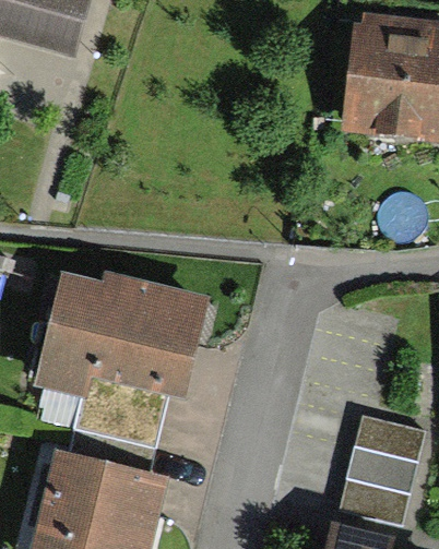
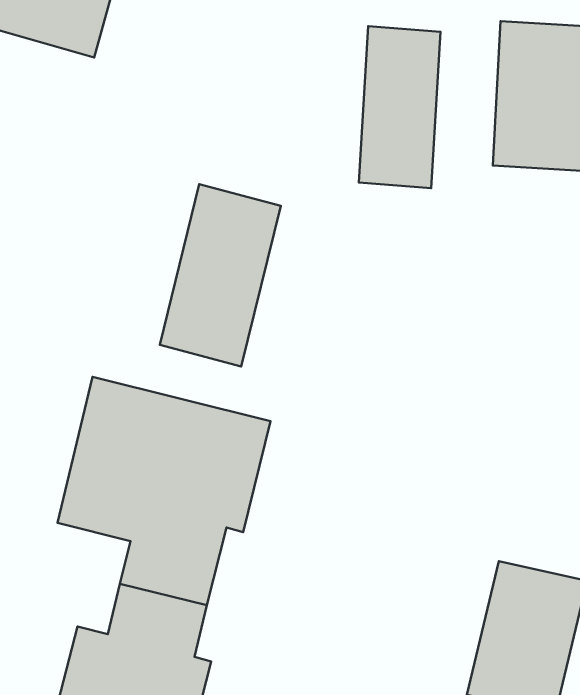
building: none -> [359,26,440,188]
building: none -> [160,184,281,366]

